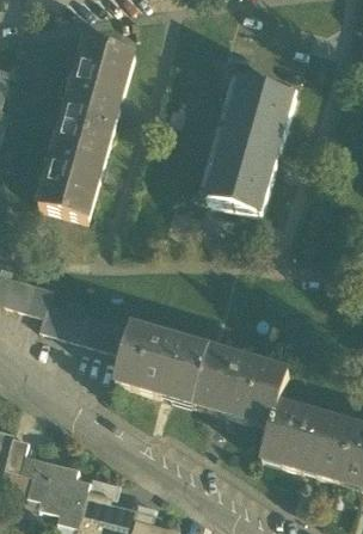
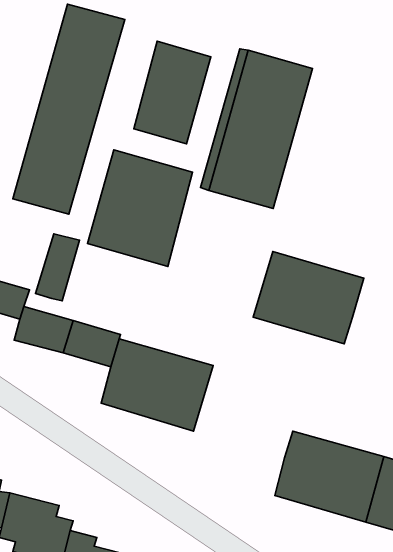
building: none -> [134,41,211,144]
building: none -> [88,150,193,267]
building: none -> [36,234,79,301]
building: [191,346,285,425] -> [253,251,364,344]

